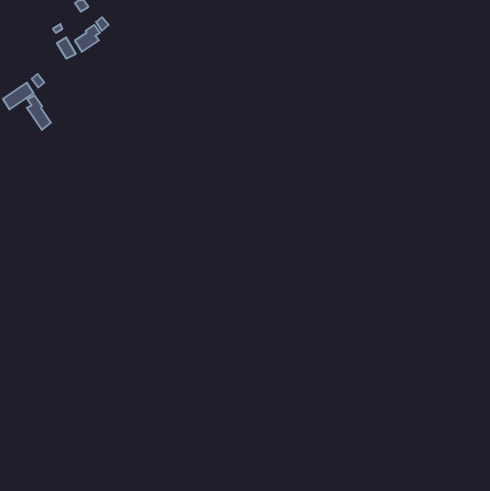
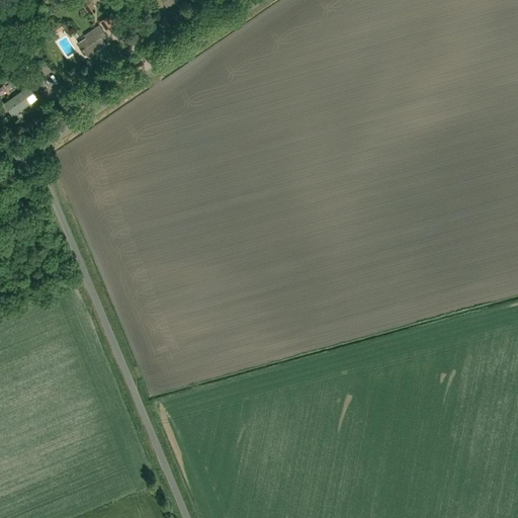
building: [27,95,51,130] -> none

